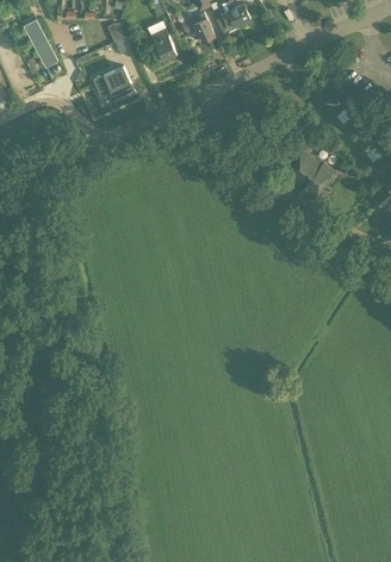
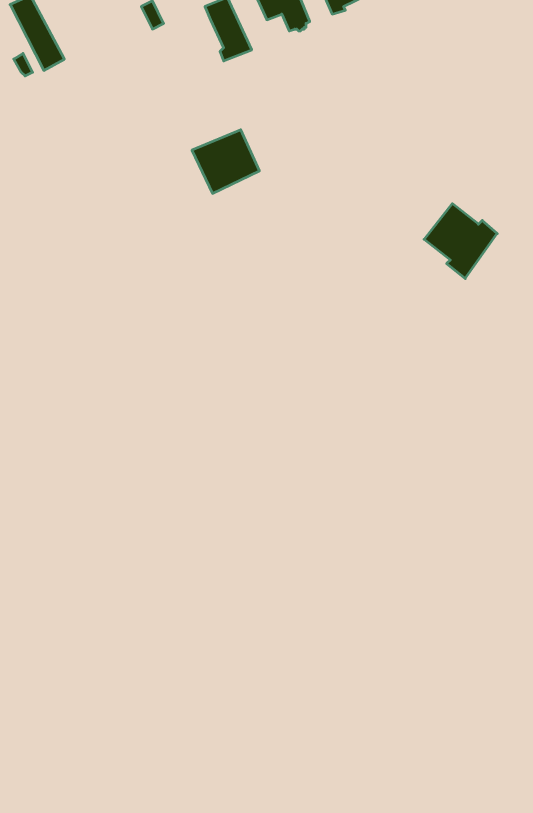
building: [92,67,135,107] -> [192,130,259,193]

